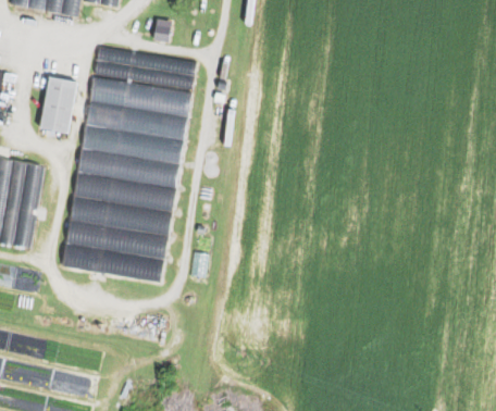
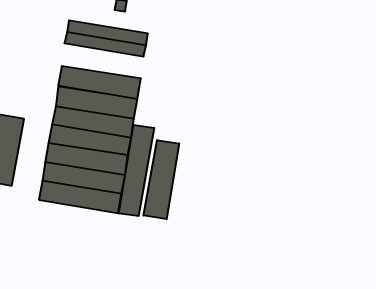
building: [38,75,76,132] -> none
building: [90,76,191,116] -> none
building: none -> [119,125,154,216]
building: none -> [144,140,179,219]

